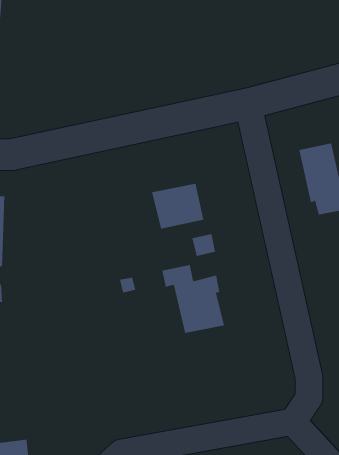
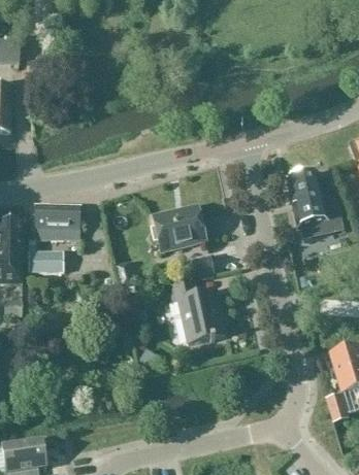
building: none -> [35,202,80,239]
building: none -> [30,251,63,270]

